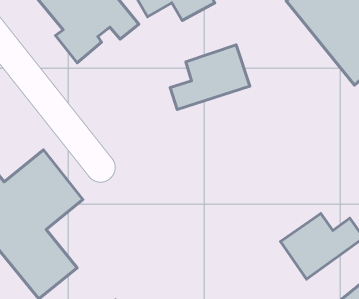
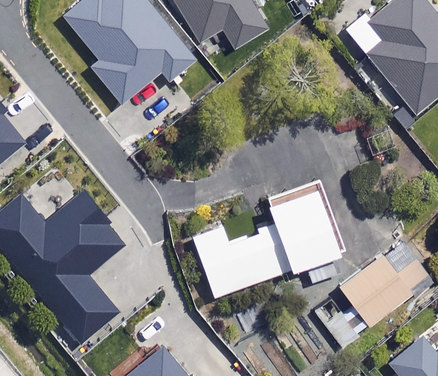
building: [170,45,250,109] -> none
building: none -> [194,182,340,297]

